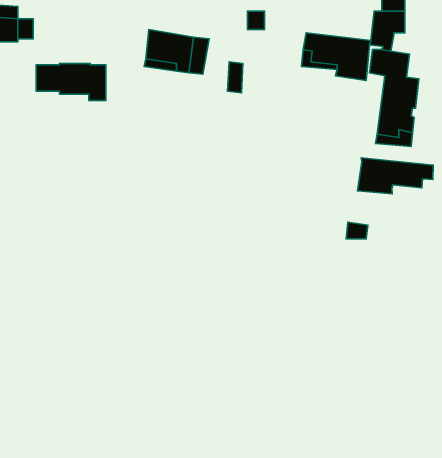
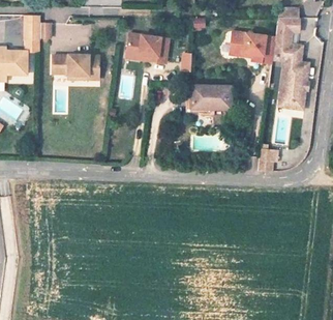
building: none -> [191,85,231,109]
building: [357,158,433,194] -> none

